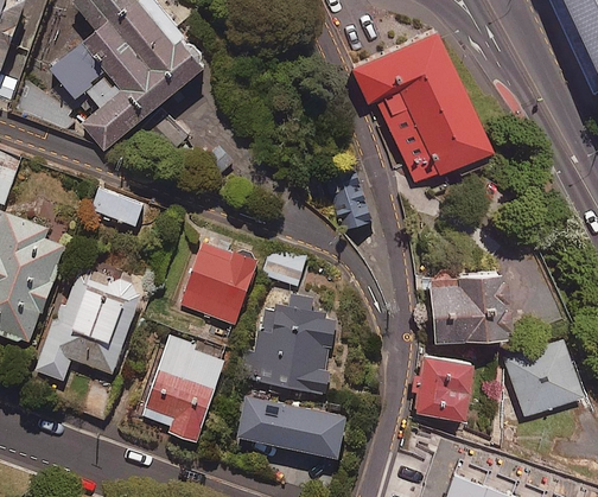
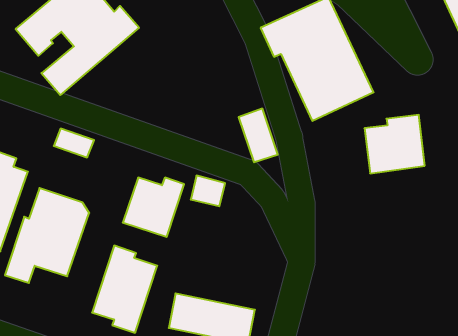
building: [426,268,501,340] -> [364,115,425,173]
building: [242,294,337,394] -> none
building: [505,338,584,416] -> none
building: [414,356,469,418] -> none

